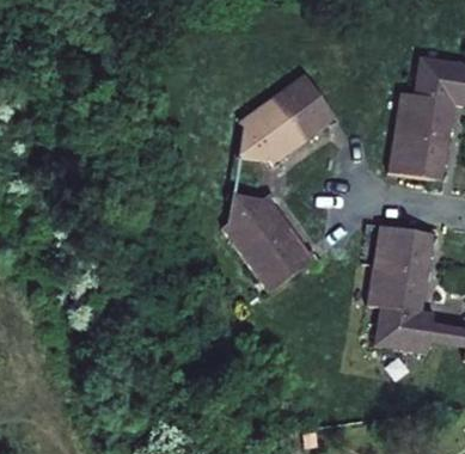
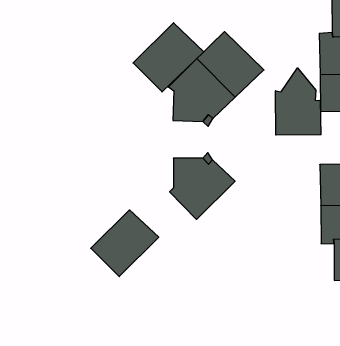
building: none -> [133,23,204,92]
building: none -> [276,68,321,135]
building: [245,227,316,293] -> [91,210,159,277]

